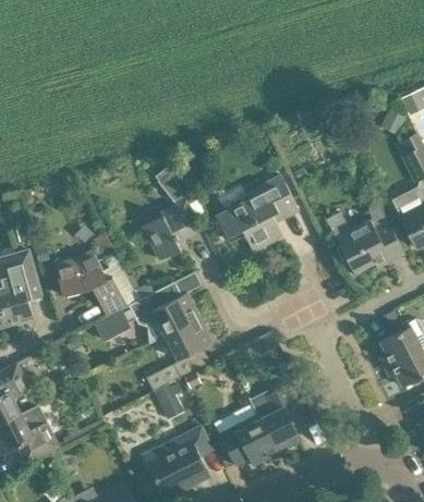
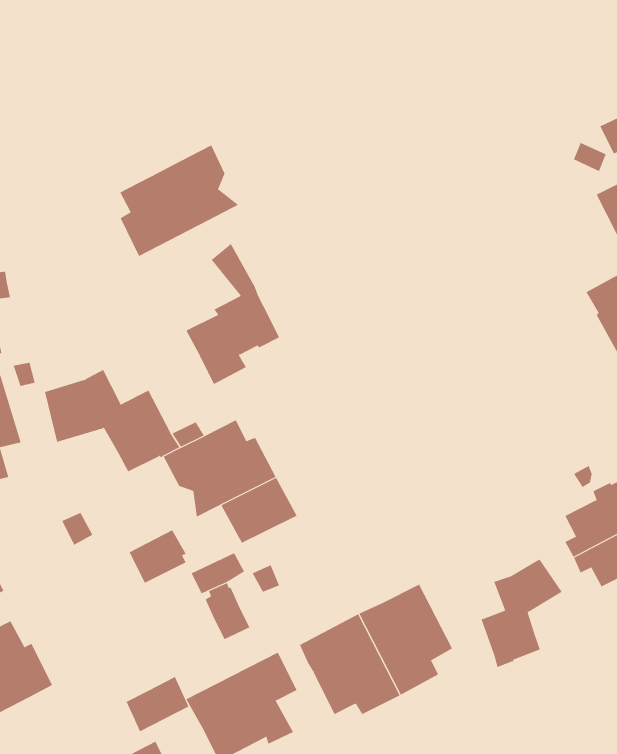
building: none -> [120,145,239,257]
building: [215,175,299,252] -> none
building: [326,212,404,279] -> none
building: [94,309,130,343] -> [129,529,186,584]
building: none -> [481,558,562,668]
building: none -> [126,676,189,732]

